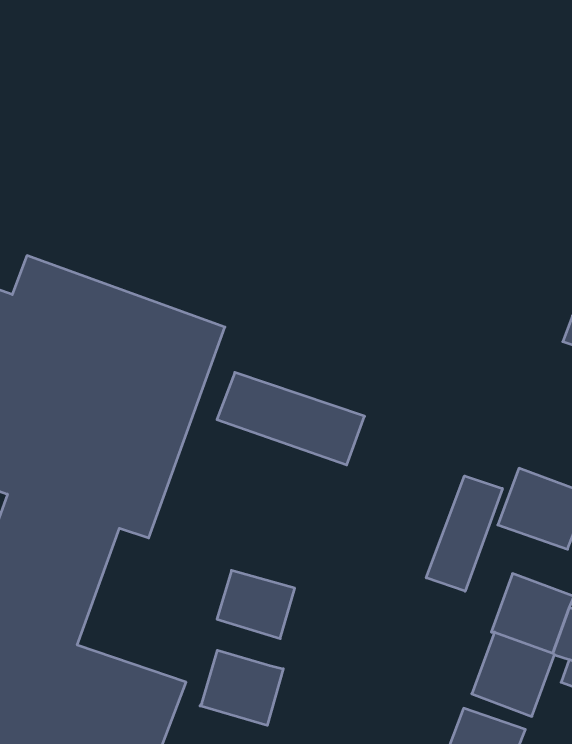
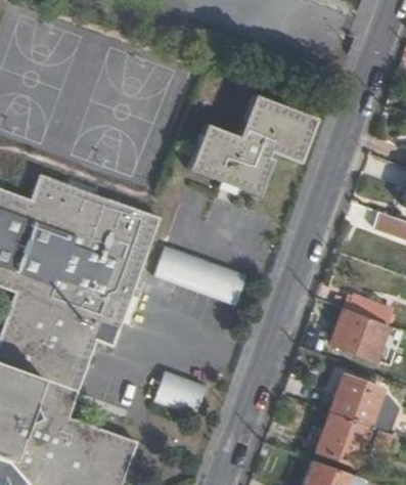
building: none -> [187,97,313,195]
building: [426,476,502,591] -> none
building: [200,650,283,725] -> none

